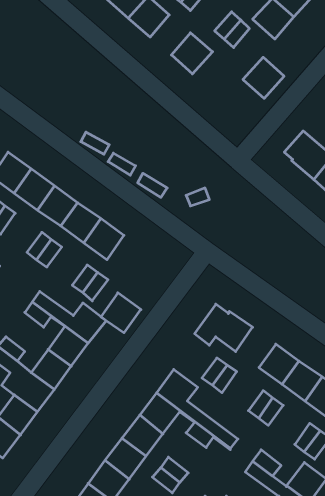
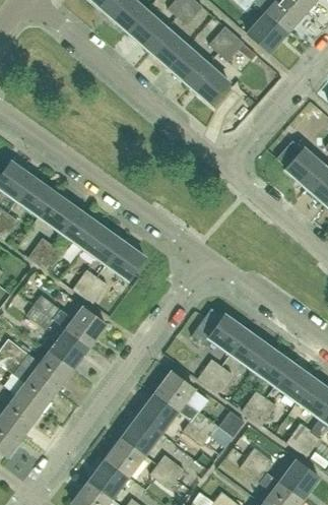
building: none -> [148,28,187,67]
building: [243,57,284,98] -> [189,64,228,104]
building: [101,293,141,333] -> [107,241,145,279]
building: none -> [231,329,269,368]

